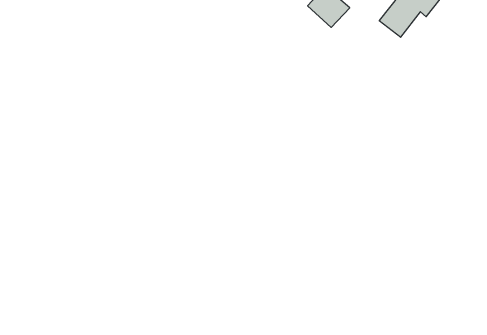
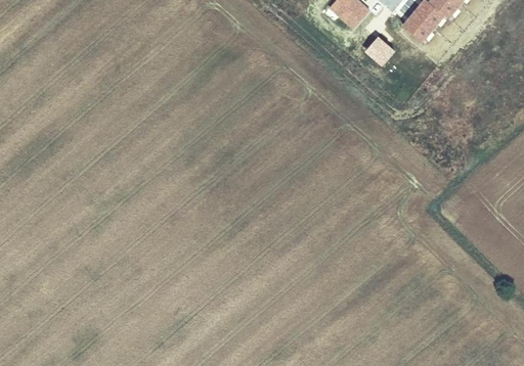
building: none -> [364,36,397,67]

